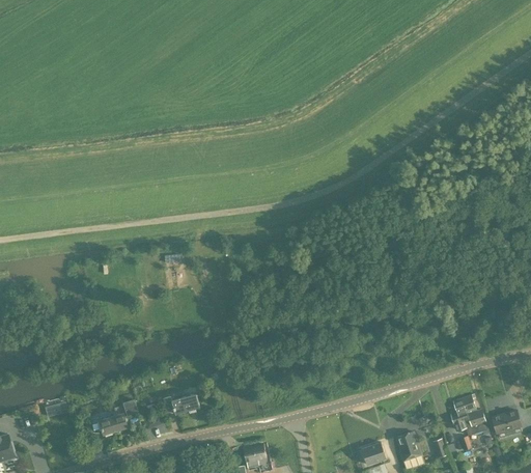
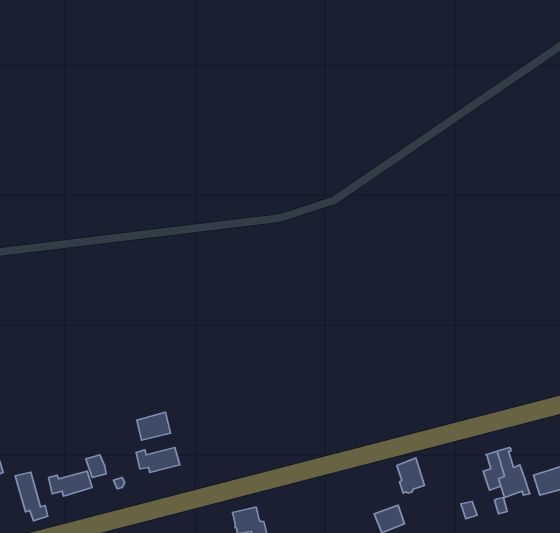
building: none -> [137,412,171,440]
building: none -> [15,472,48,521]
building: [397,430,420,460] -> [397,458,425,493]

